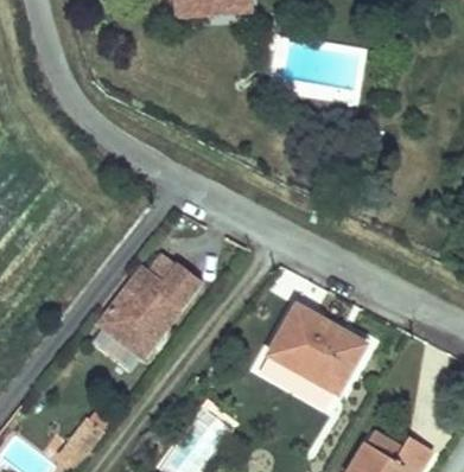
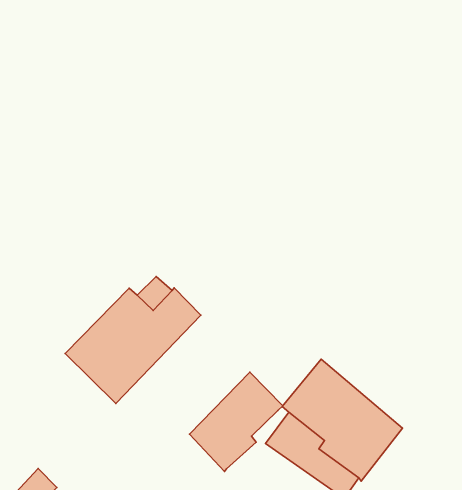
building: none -> [189,372,283,472]

